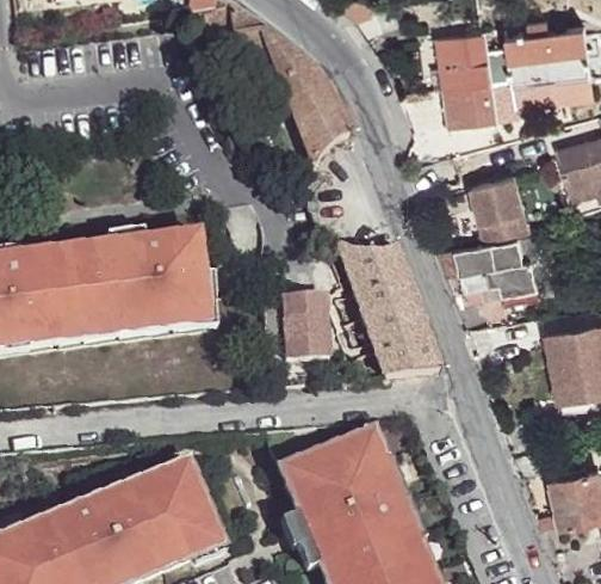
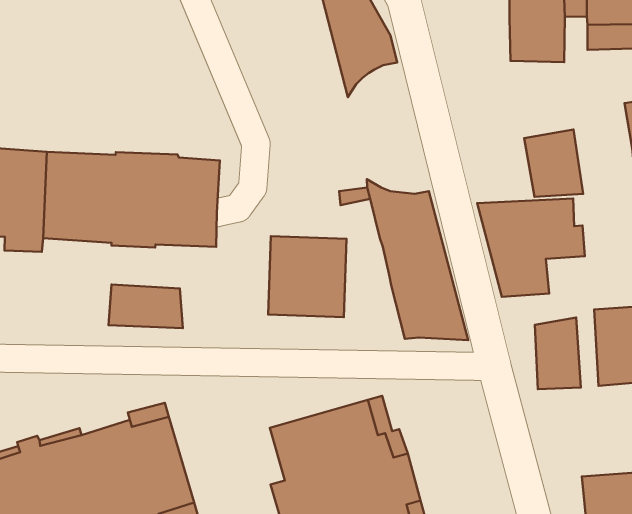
building: none -> [535,318,581,389]
building: none -> [109,284,183,328]

